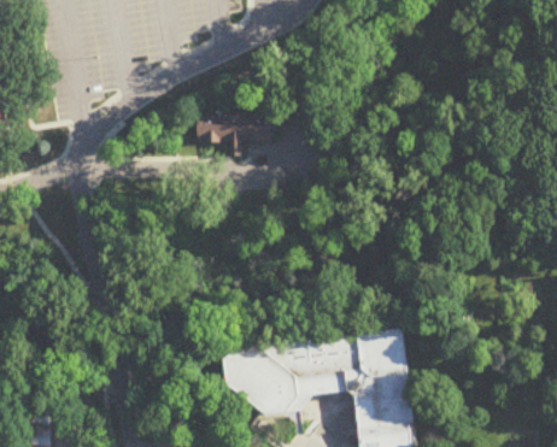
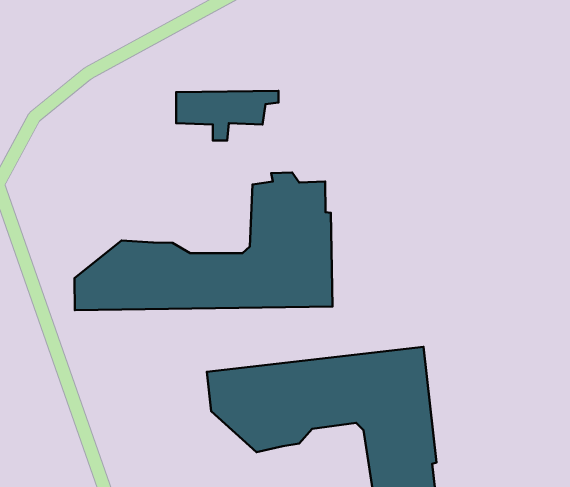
building: none -> [74,173,332,310]

